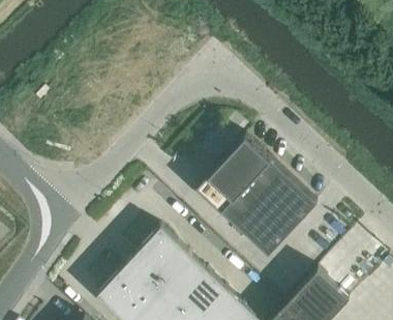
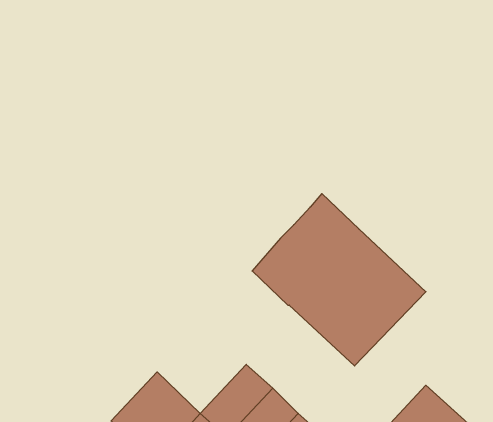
building: [129,226,191,289] -> none

